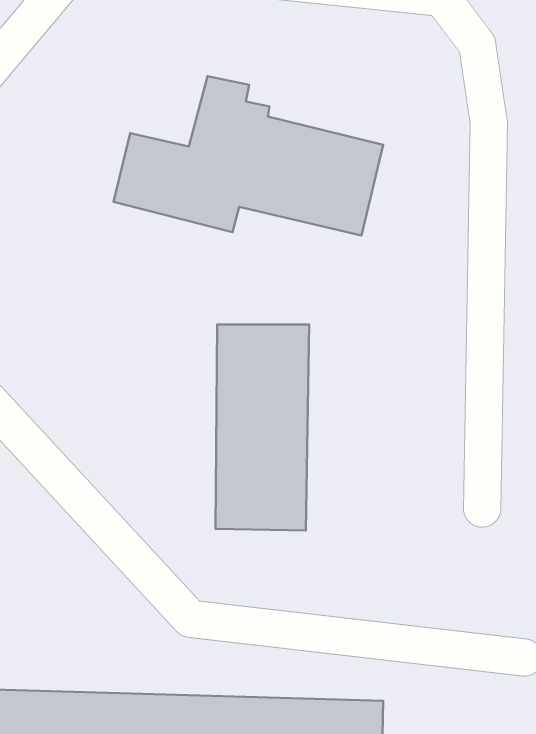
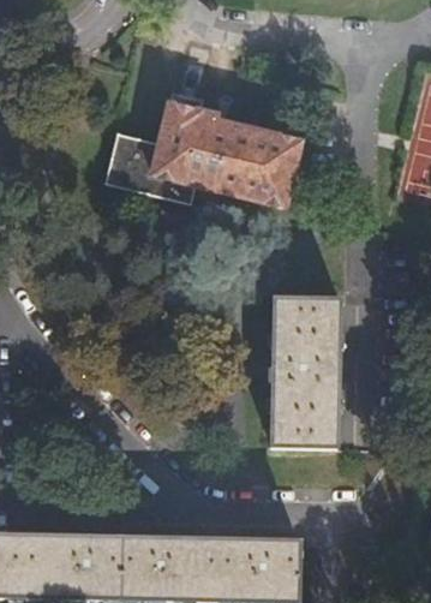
building: [215,324,309,530] -> [269,299,336,447]

